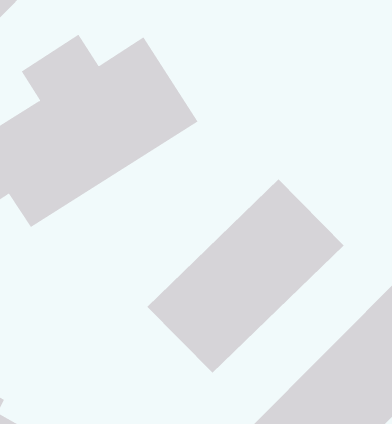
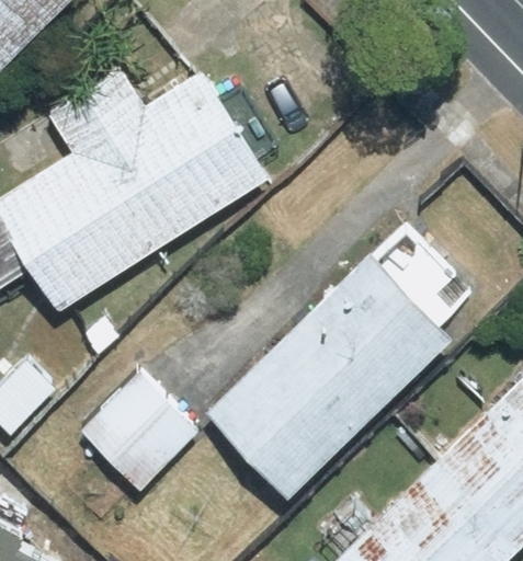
building: none -> [78,373,197,492]

